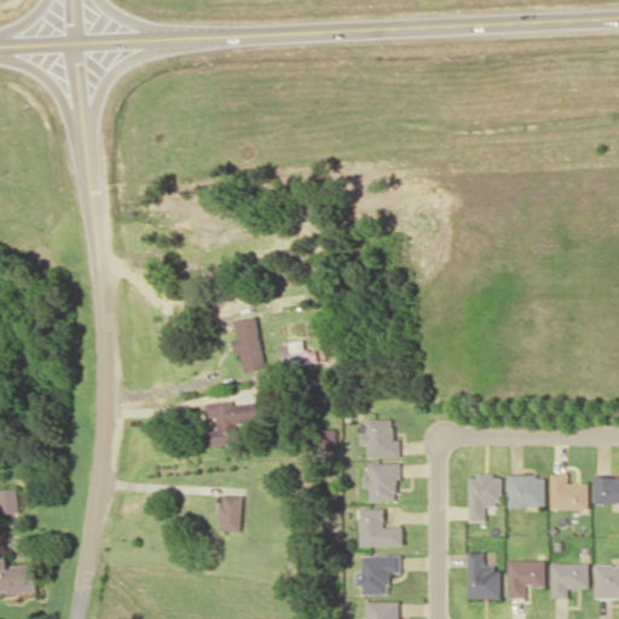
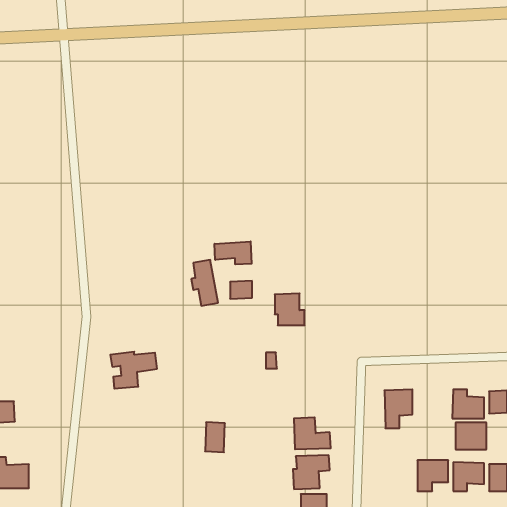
building: none -> [215,241,252,264]
building: [203,401,260,446] -> [110,352,157,389]
building: [361,420,398,458] -> [275,293,305,325]
building: [359,463,397,503] -> none
building: [507,476,544,509] -> [456,423,486,449]
building: [218,496,242,532] -> [205,422,225,452]
building: [465,553,501,600] -> none

